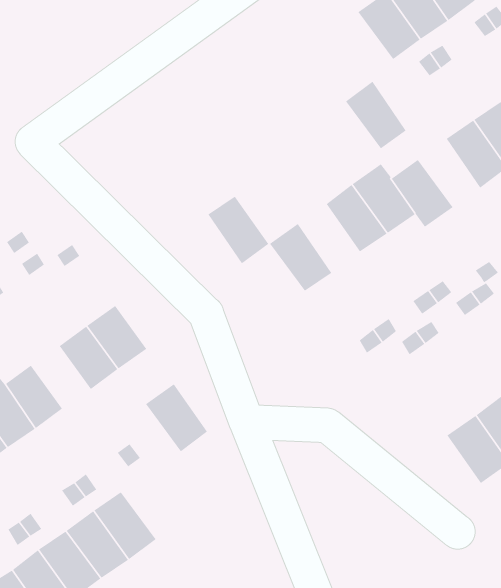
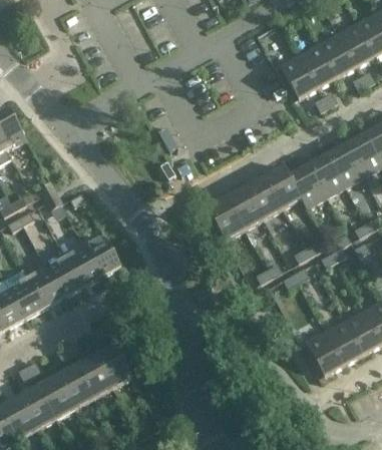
building: [345,81,407,149] -> [308,152,345,196]
building: [208,196,269,264] -> [227,185,264,230]
building: none -> [46,257,82,297]
building: [145,384,208,452] -> [94,343,132,387]

